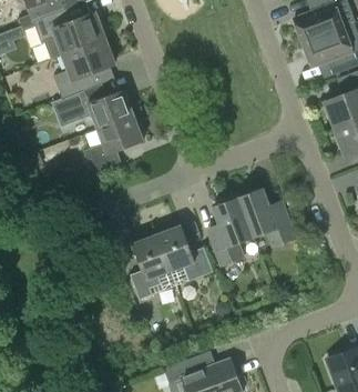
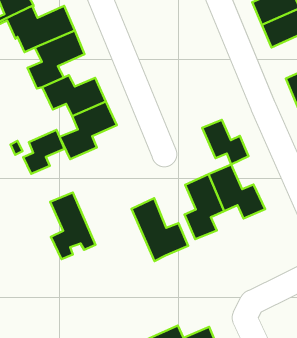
building: none -> [202,120,249,164]
building: none -> [23,130,64,174]
building: [130,230,176,300] -> [50,192,95,259]

